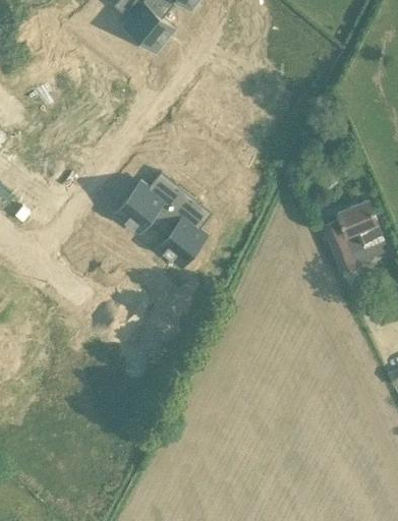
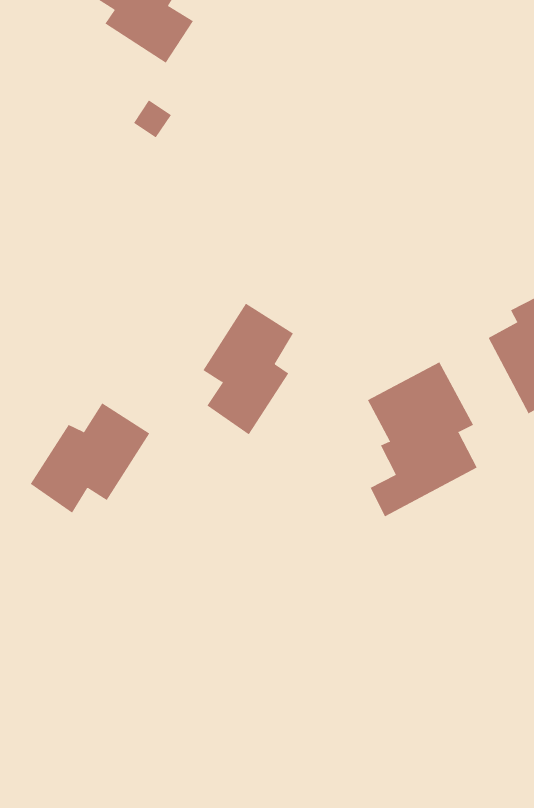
building: [117,172,188,233] -> [30,403,150,513]
building: none -> [367,362,477,517]

